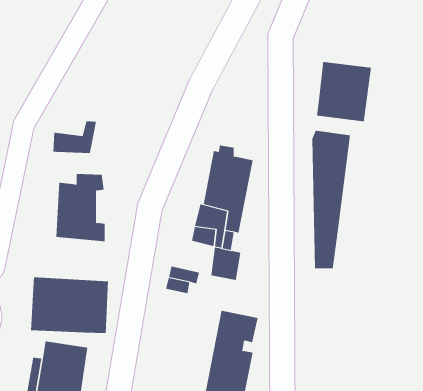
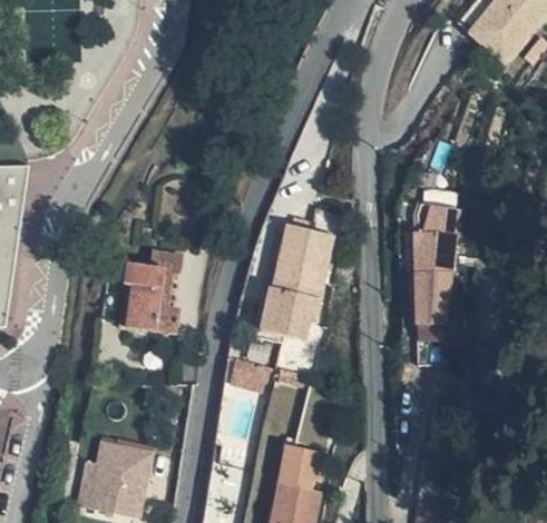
building: [317,61,372,122] -> none
building: [53,121,96,154] -> none
building: [31,276,109,334] -> none

